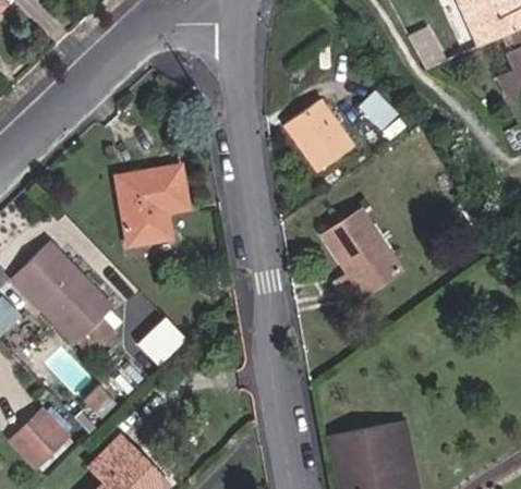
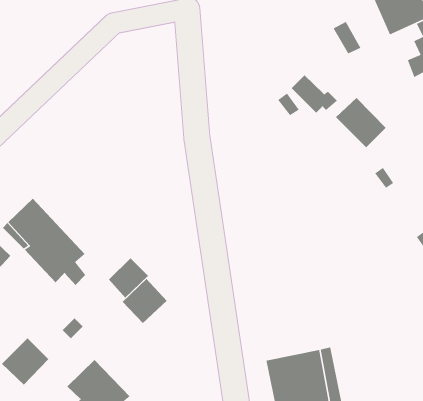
building: [283,98,354,172] -> none
building: none -> [335,97,386,148]
building: [114,166,189,247] -> none
building: [320,208,402,304] -> none
building: none -> [122,278,167,324]

